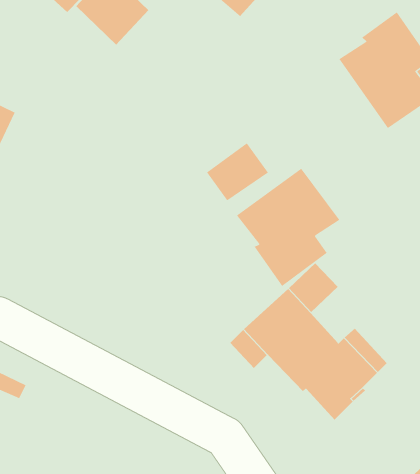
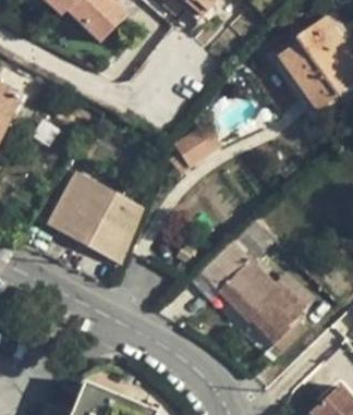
building: [236,168,340,287] -> none
building: none -> [44,173,142,265]

